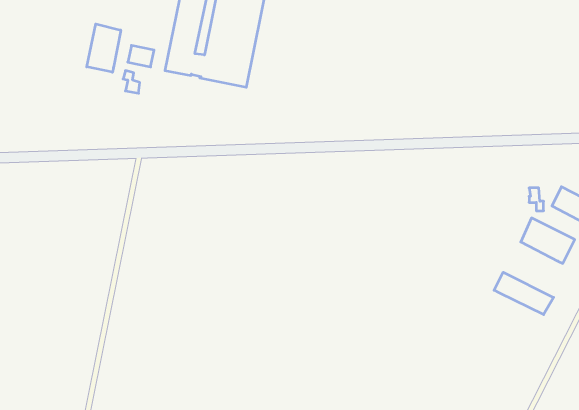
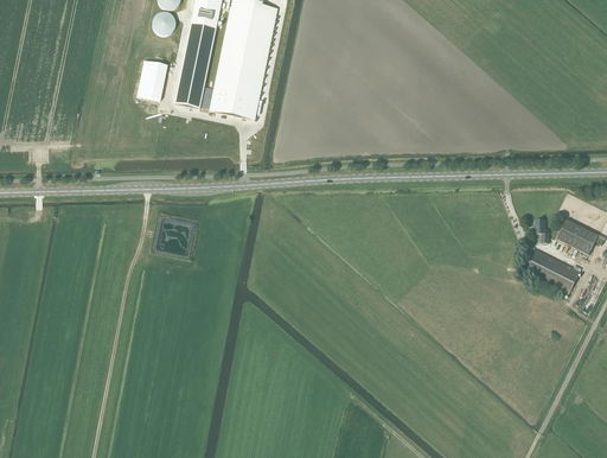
building: [87,24,121,72] -> none
building: [494,272,554,315] -> none

